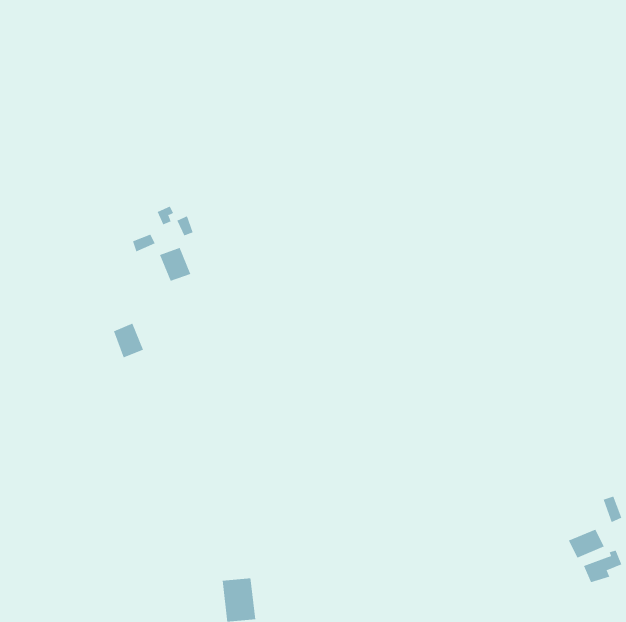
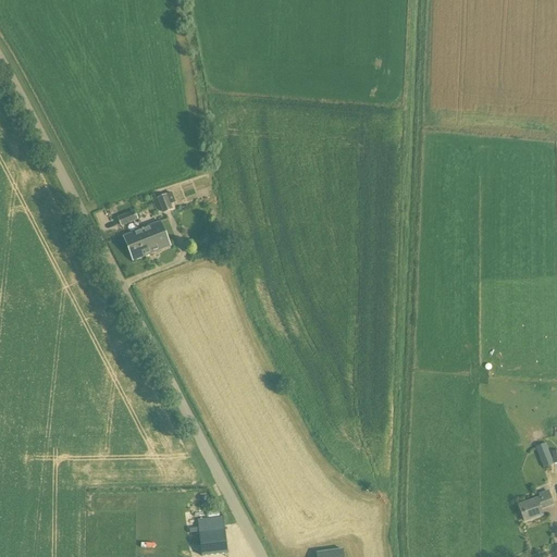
building: [113,323,144,358] -> [124,226,151,258]
building: [568,529,604,558] -> none

